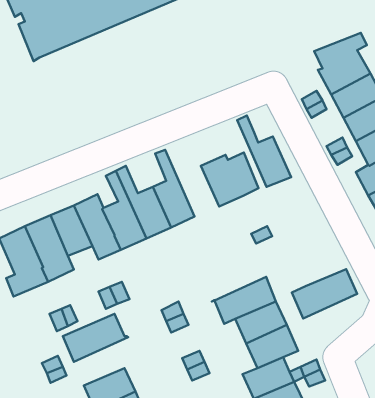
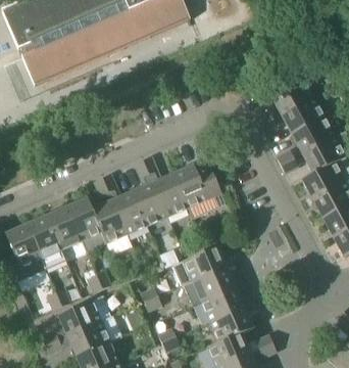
building: [237,115,291,187] -> [143,156,188,216]
building: [292,269,357,318] -> [172,245,227,286]
building: none -> [67,316,121,356]

